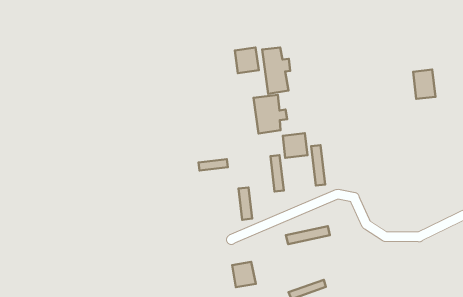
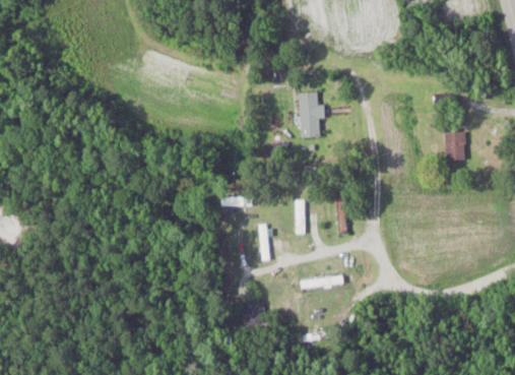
building: [235,48,259,73] -> none
building: [253,95,287,134] -> none
building: [283,133,308,158] -> none

